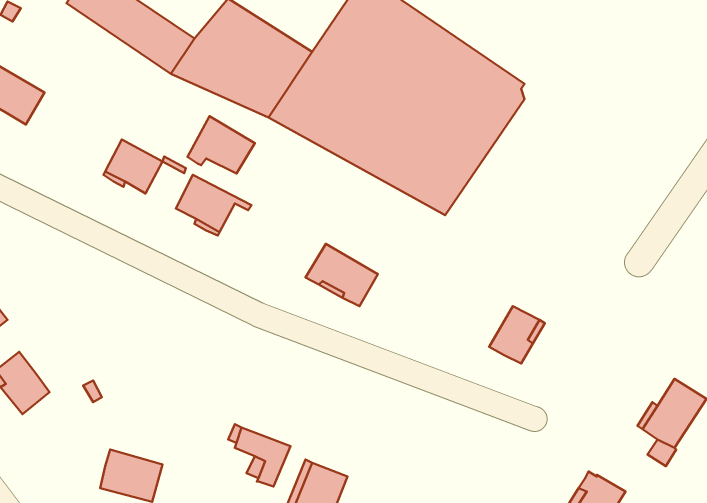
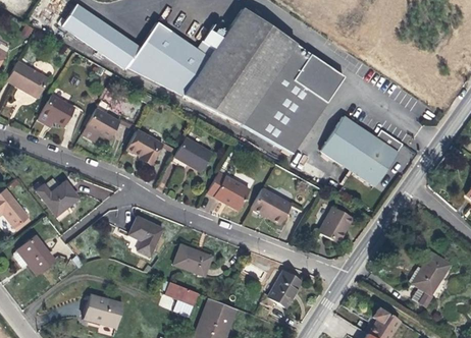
building: [188,116,255,174] -> [173,136,214,171]
building: none -> [37,98,73,130]
building: none -> [321,116,404,186]
building: none -> [37,181,80,215]
building: none -> [252,187,293,224]
building: none -> [129,217,163,256]
building: none -> [173,245,212,276]
building: none -> [268,271,302,307]

